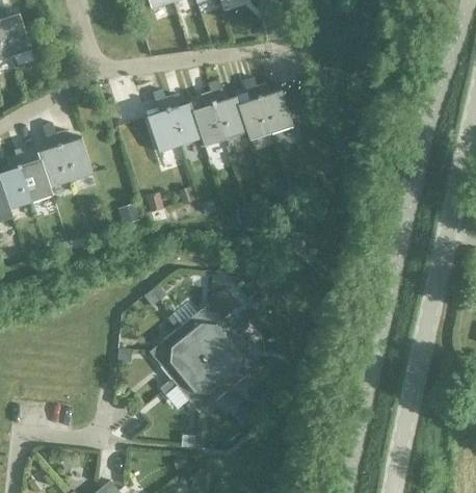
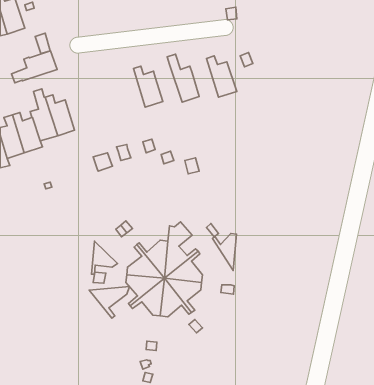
building: none -> [12,51,57,83]
building: [238,78,270,141] -> none
building: [147,90,180,154] -> none
building: [192,94,226,148] -> none
building: none -> [212,234,237,271]
building: none -> [92,241,117,274]
building: none -> [89,286,129,318]

